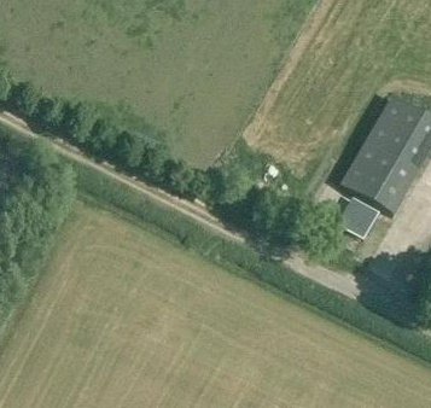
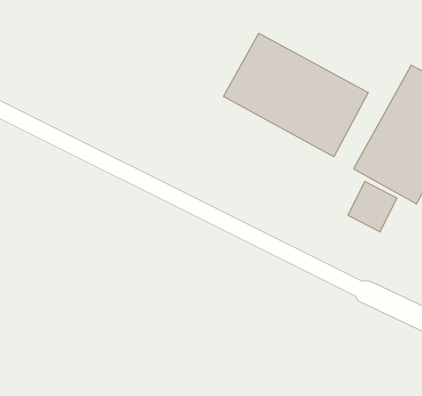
building: none -> [224,33,368,157]

